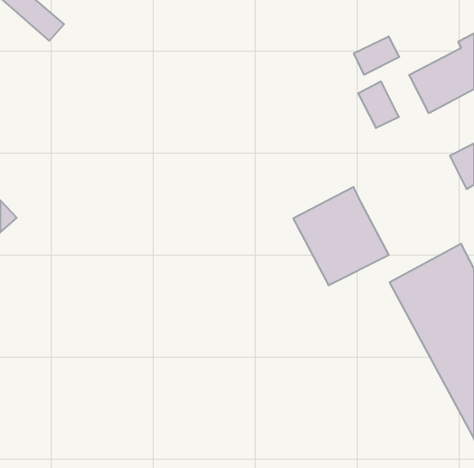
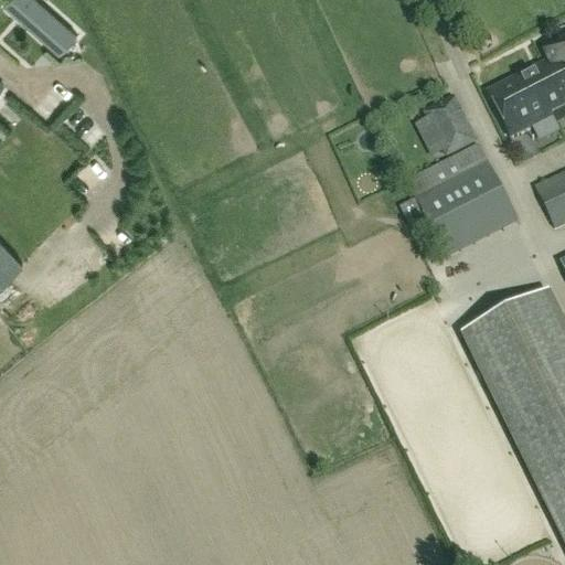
building: [354,36,399,75] -> none
building: [293,187,389,285] -> [405,140,519,257]

